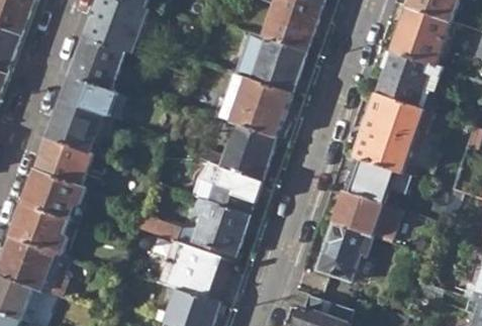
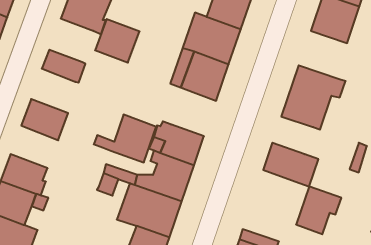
building: [70,36,124,90] -> [95,19,140,63]
building: [376,51,442,111] -> none
building: [47,98,102,151] -> none
building: [198,122,275,181] -> [94,115,156,162]
building: [344,156,394,203] -> none
building: [22,168,84,220] -> none
building: [316,222,372,281] -> [296,186,341,234]

